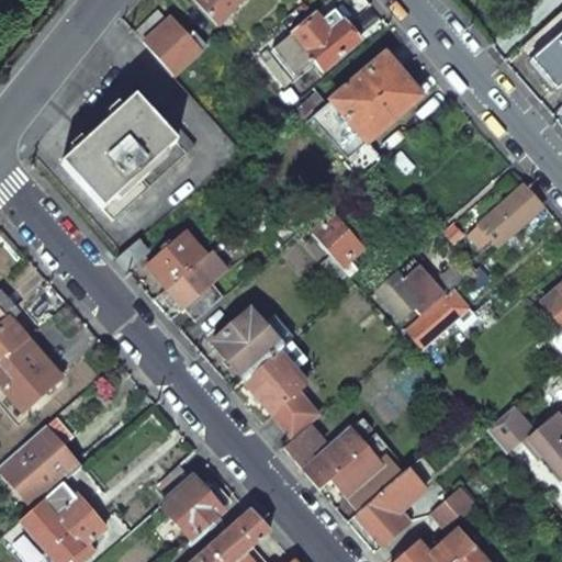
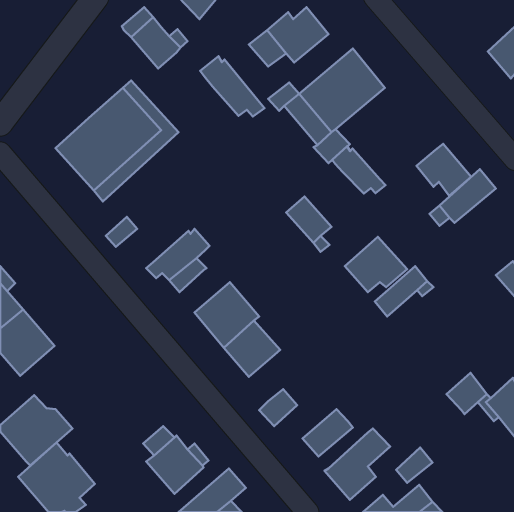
building: none -> [200,56,265,117]
building: none -> [416,144,471,196]
building: none -> [332,146,385,194]
building: [148,231,206,285] -> none
building: [272,389,318,437] -> none
building: [303,428,372,487] -> none
building: [348,452,402,510] -> none

